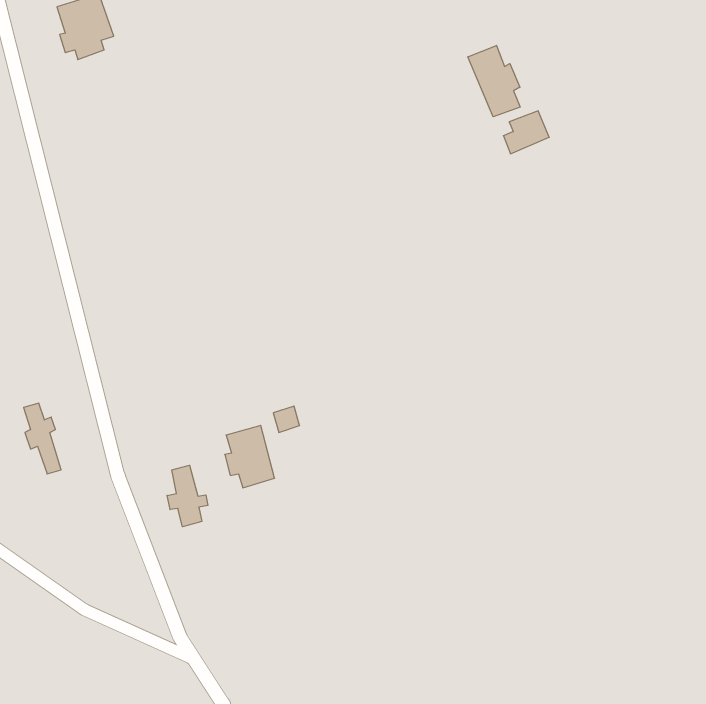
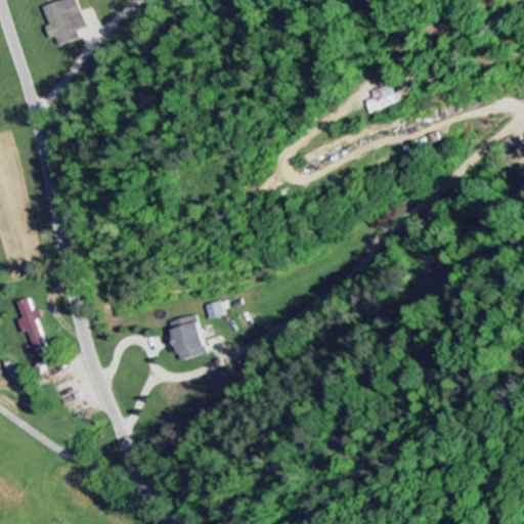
building: [468,45,520,117] -> none
building: [167,465,208,527] -> none

